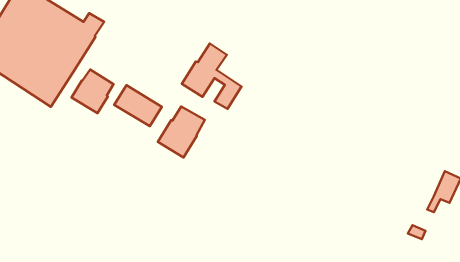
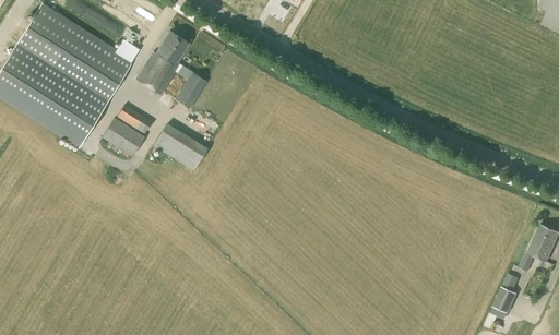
building: [182,44,242,109] -> [136,31,206,107]
building: [158,106,205,158] -> none

